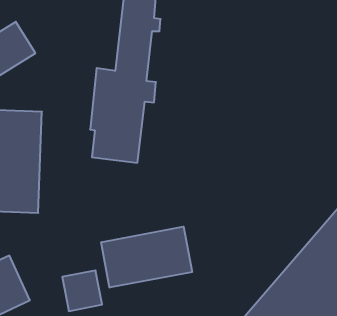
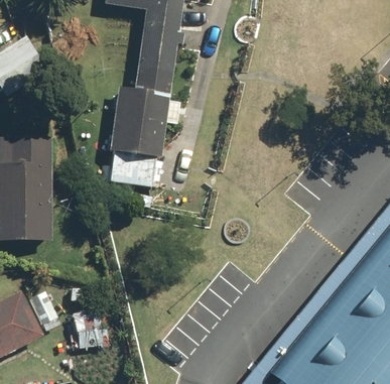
building: [101,227,192,288] -> none

